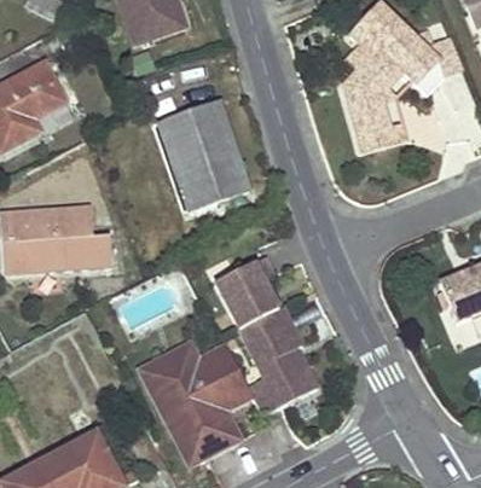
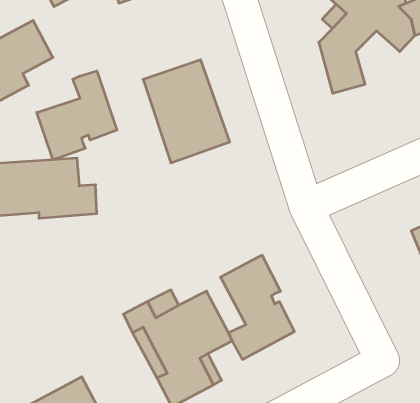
building: [357,88,406,152] -> none
building: none -> [37,71,117,160]
building: [214,256,278,330] -> none

